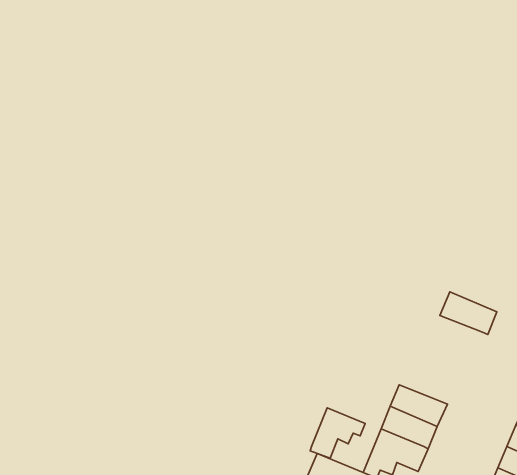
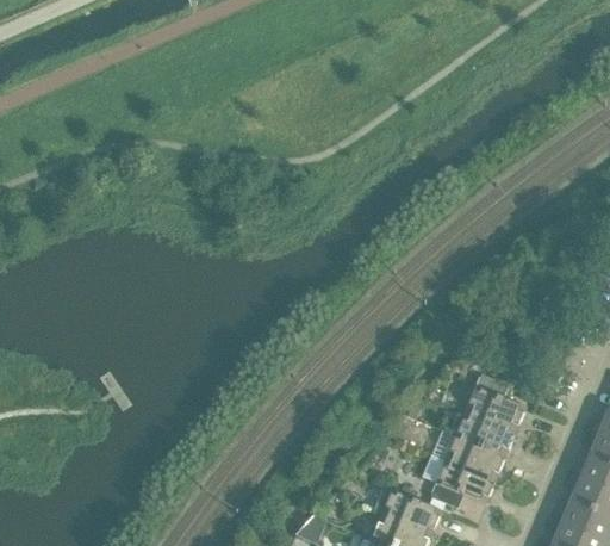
building: [440,292,497,334] -> [465,386,525,432]
building: [310,408,365,458] -> none

